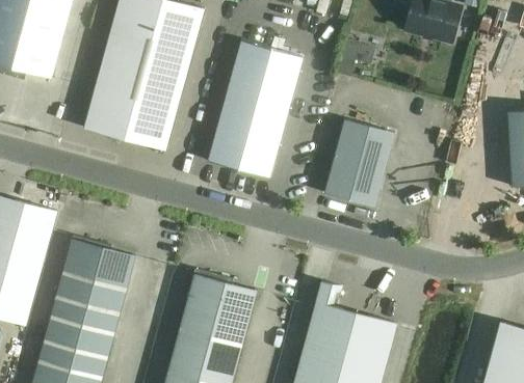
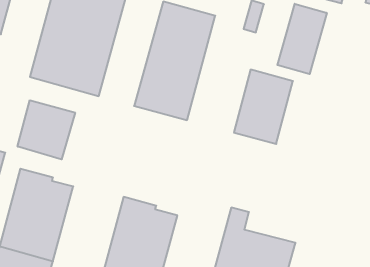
building: none -> [277,4,327,74]
building: none -> [18,100,75,159]

